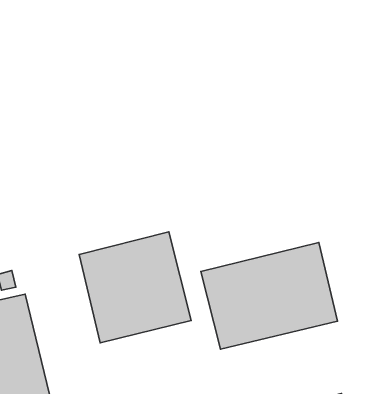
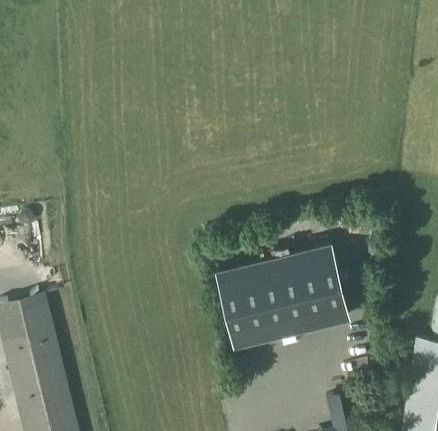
building: [79,232,191,343] -> none

